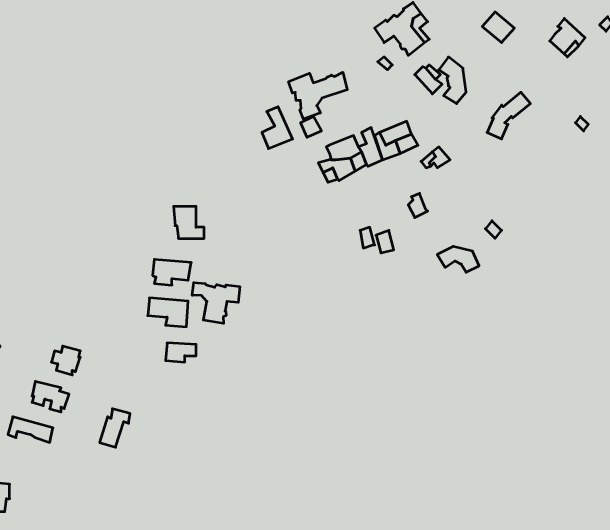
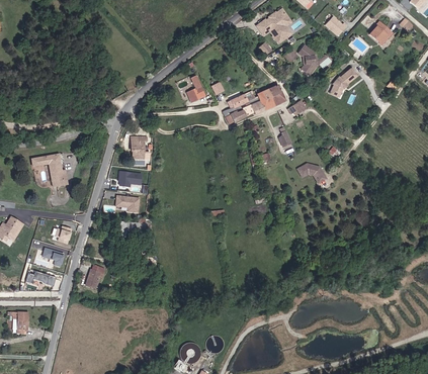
building: [289,72,347,119] -> none
building: none -> [32,155,67,186]
building: [192,283,240,323] -> none

